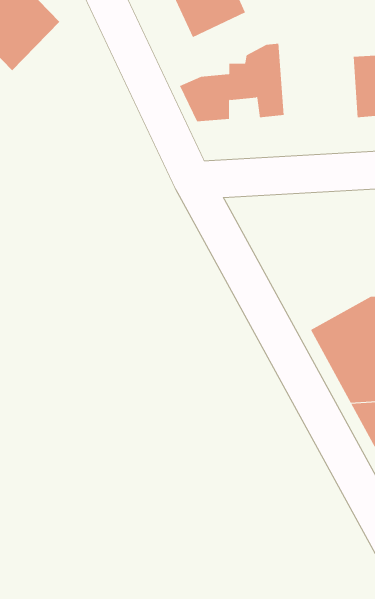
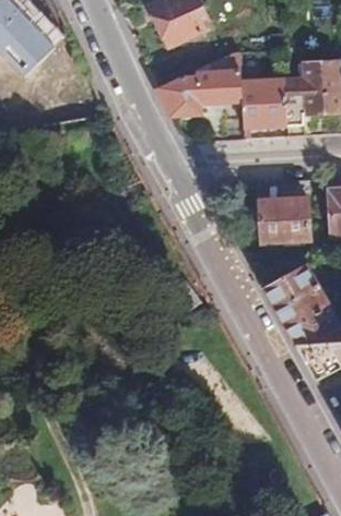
building: none -> [243,77,287,125]
building: none -> [260,194,310,242]

